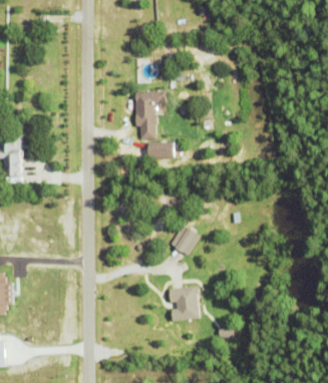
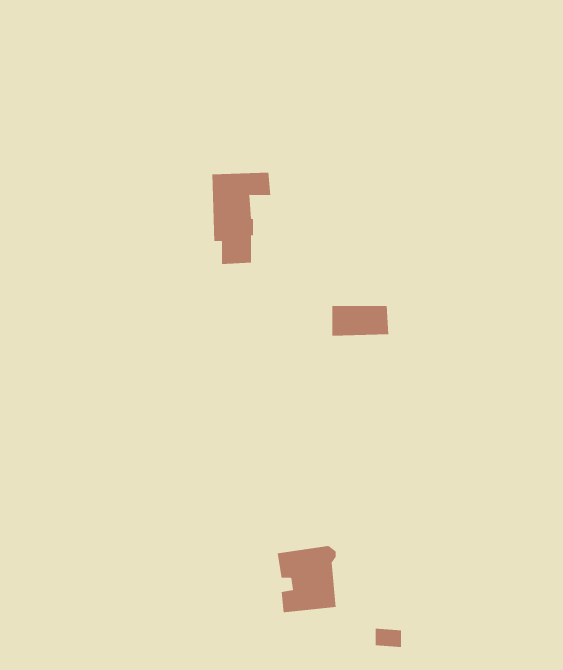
building: [142,142,173,158] -> [332,306,389,336]
building: [170,226,200,257] -> none

